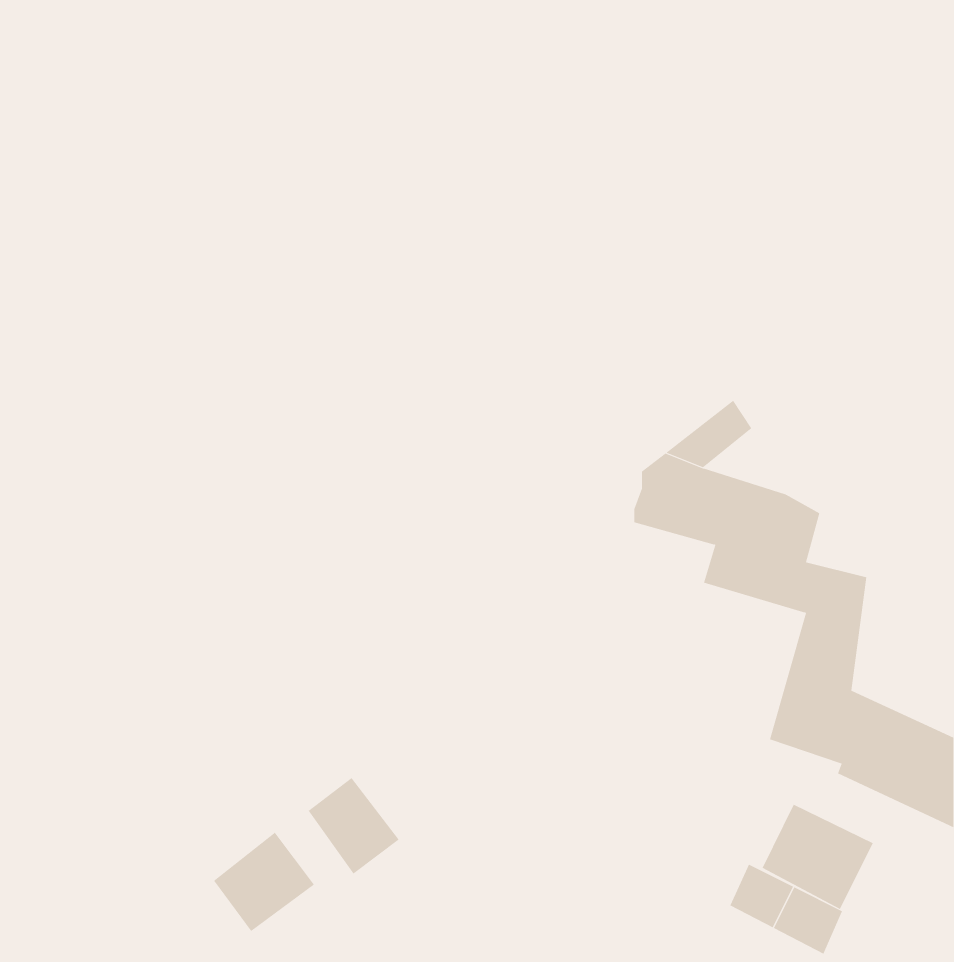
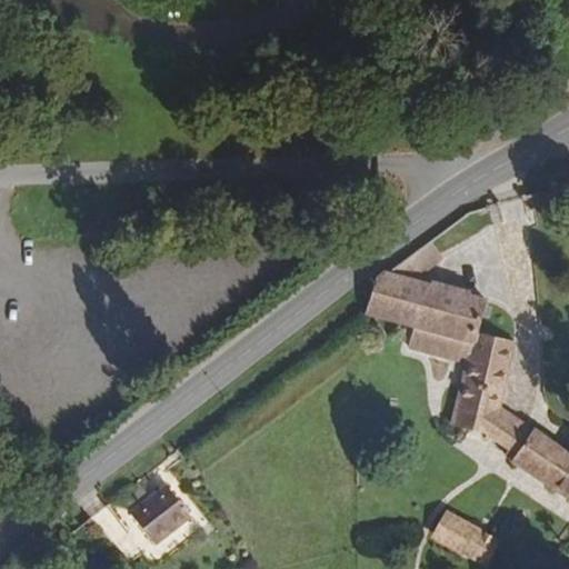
building: [308,777,400,874] -> none
building: [762,804,874,910] -> none

